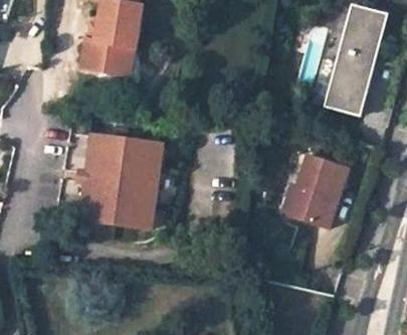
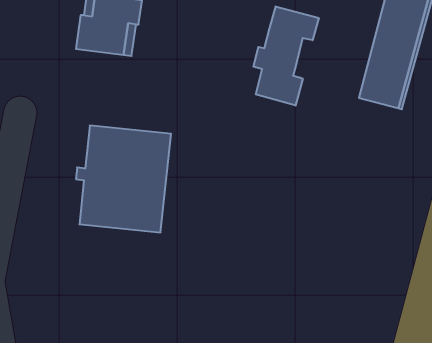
building: none -> [253,6,319,106]
building: [286,158,346,230] -> none

